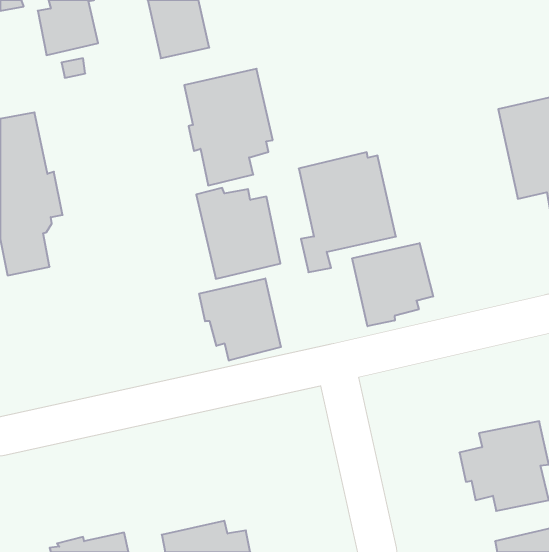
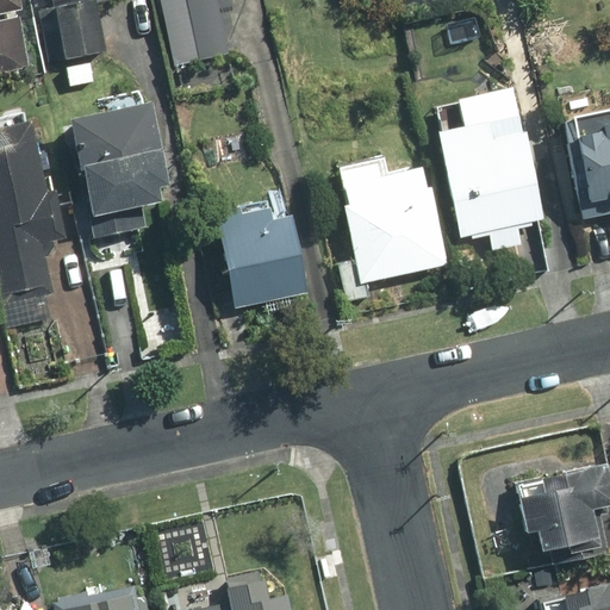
building: [184,69,273,185] -> [75,107,173,236]
building: none -> [428,92,533,251]
building: [352,243,433,326] -> none
building: [199,278,281,361] -> none

